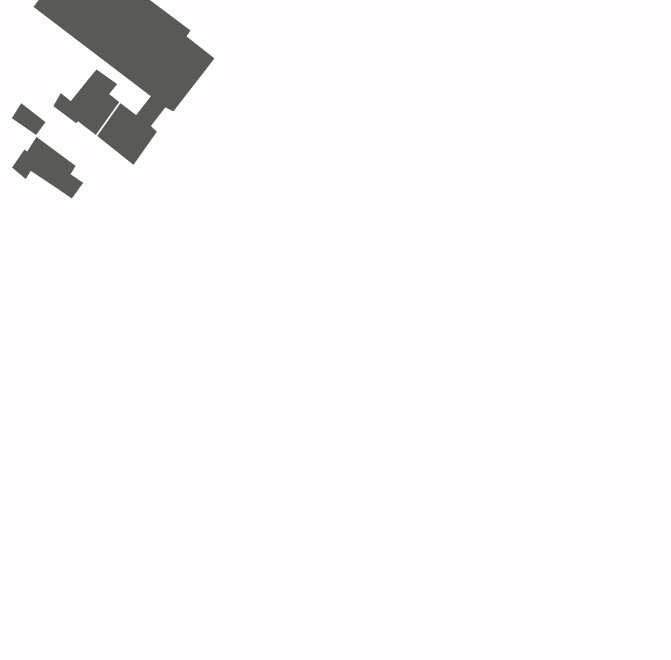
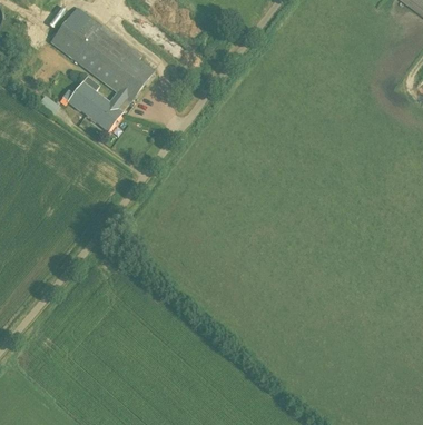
building: [11,136,84,199] -> none

